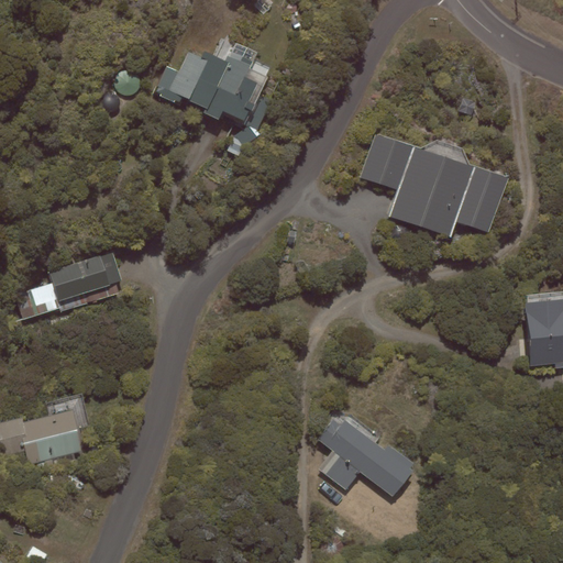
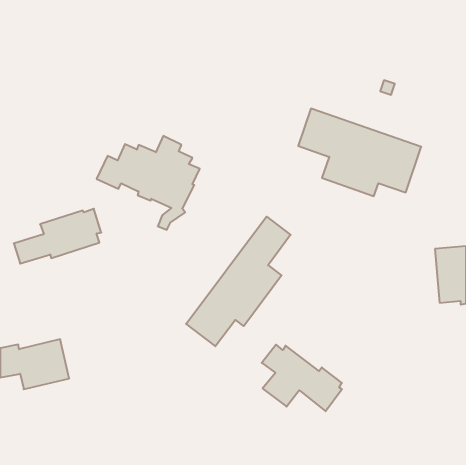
building: [154,41,278,154] -> [97,136,200,230]
building: none -> [186,217,291,346]

